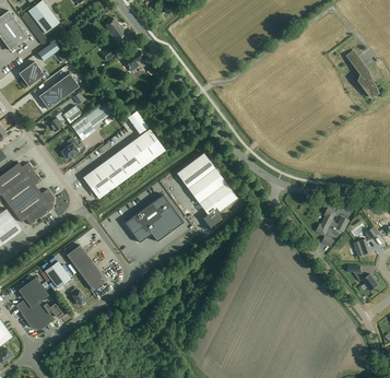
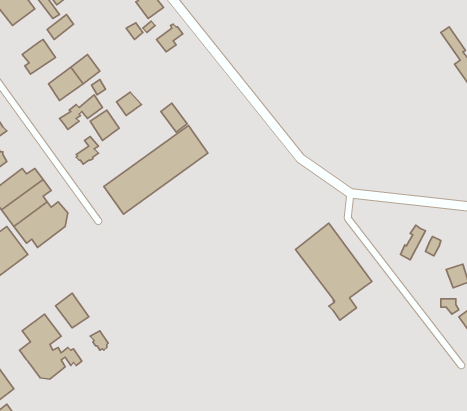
building: [177,153,237,229] -> [296,223,372,320]
building: [125,194,184,243] -> none
building: [67,245,106,291] -> none

